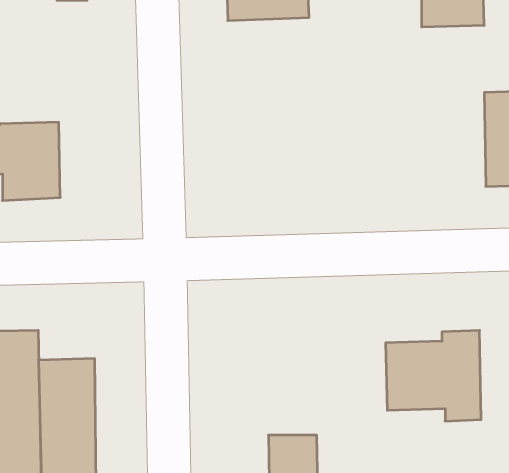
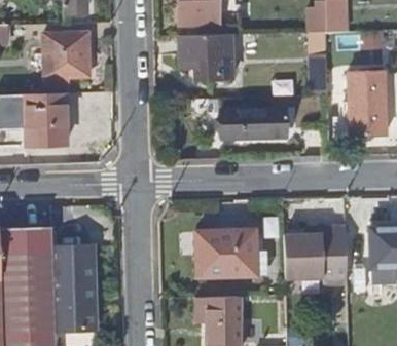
building: none -> [44,32,87,74]
building: none -> [179,35,234,81]
building: none -> [221,107,289,137]
building: none -> [194,232,257,277]

